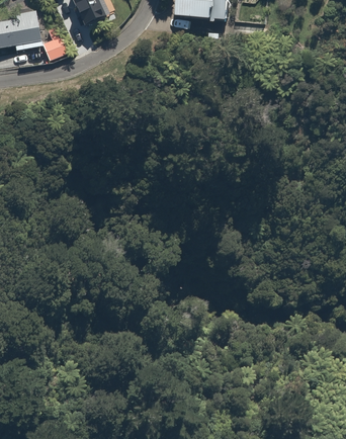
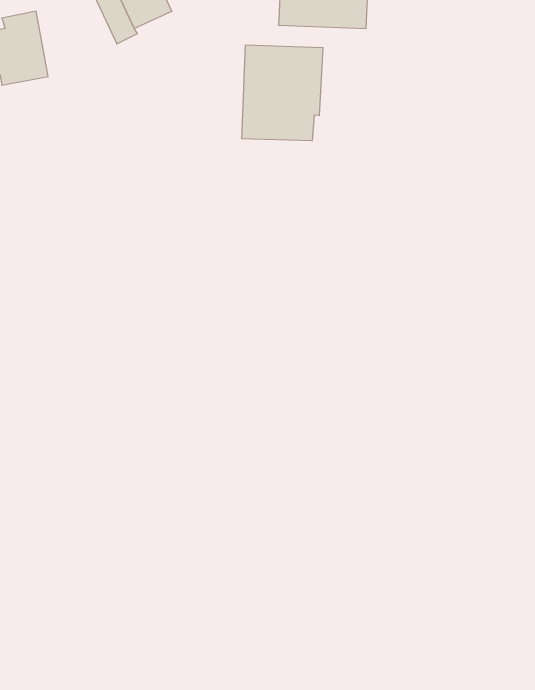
building: none -> [242,45,323,141]
building: [41,27,66,61] -> none

